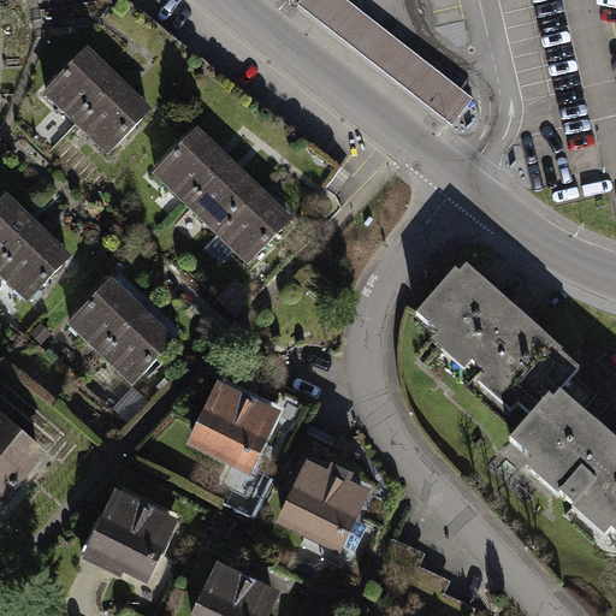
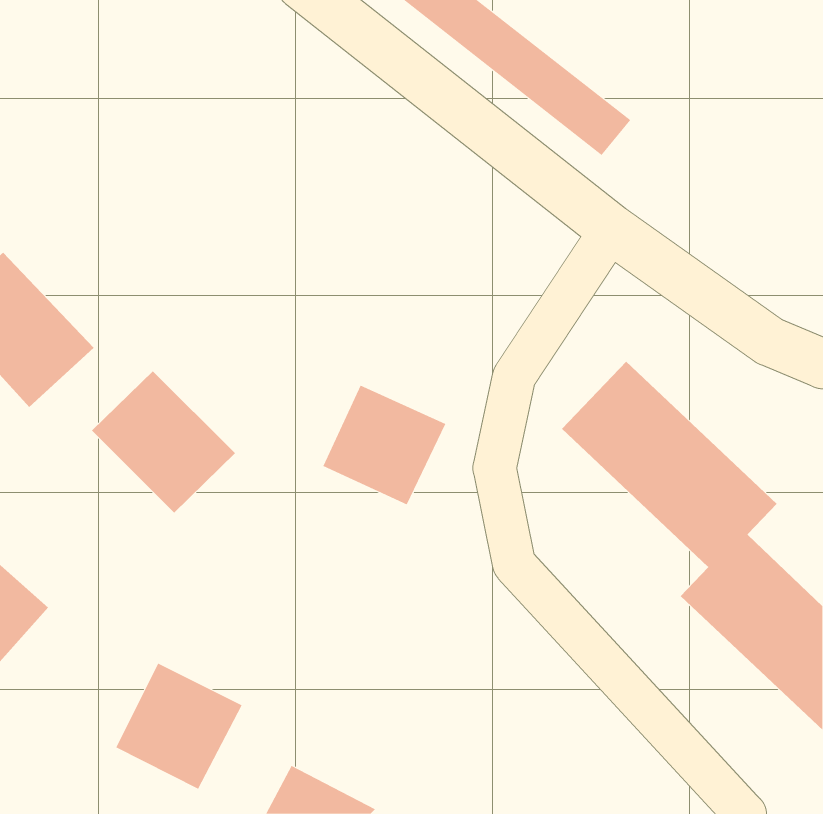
building: [38,43,147,153] -> none
building: [152,122,294,262] -> none
building: [189,381,280,470] -> [323,385,446,505]
building: [276,466,372,557] -> none

